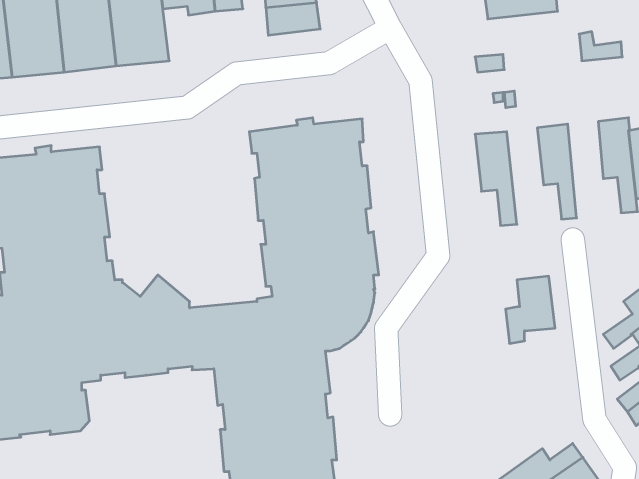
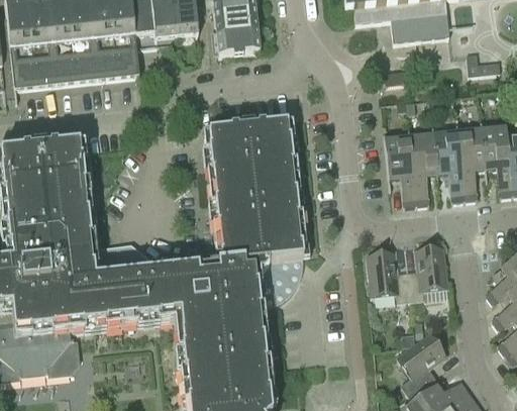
building: none -> [457,123,486,200]
building: none -> [409,128,438,205]
building: none -> [369,251,411,301]
building: none -> [398,333,446,395]

